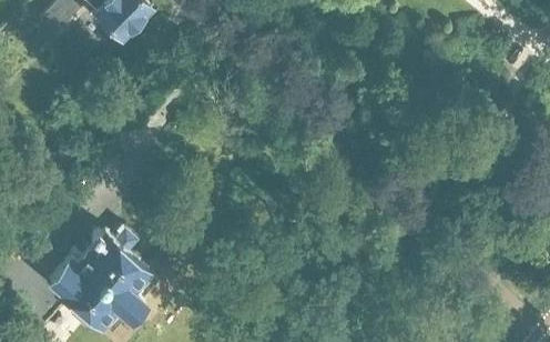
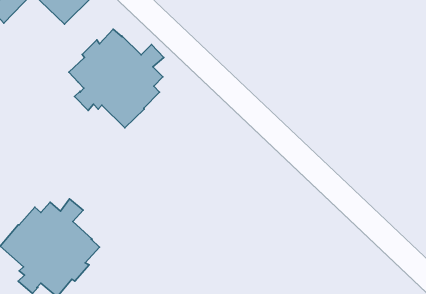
building: none -> [69,29,164,128]

